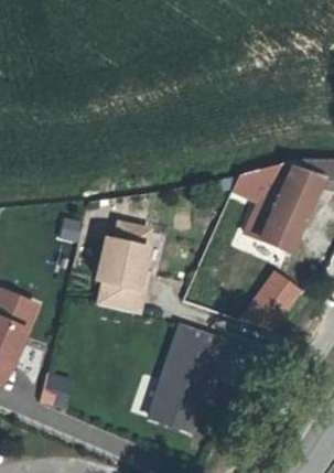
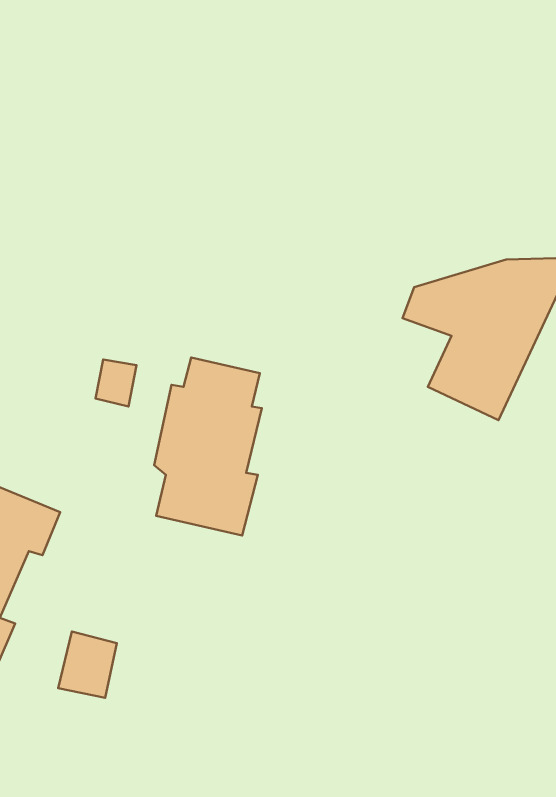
building: [252,269,301,318] -> none
building: [148,323,229,437] -> none

